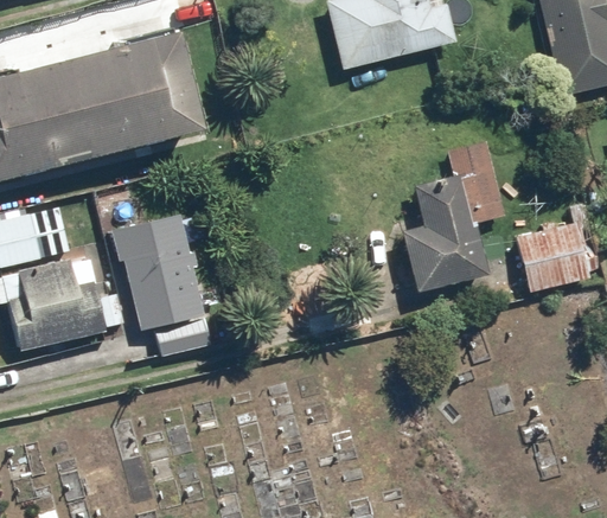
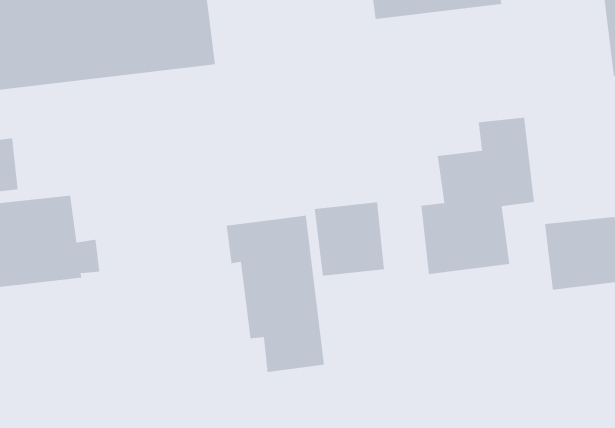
building: [108,211,211,357] -> [226,215,325,373]
building: none -> [314,201,385,277]

